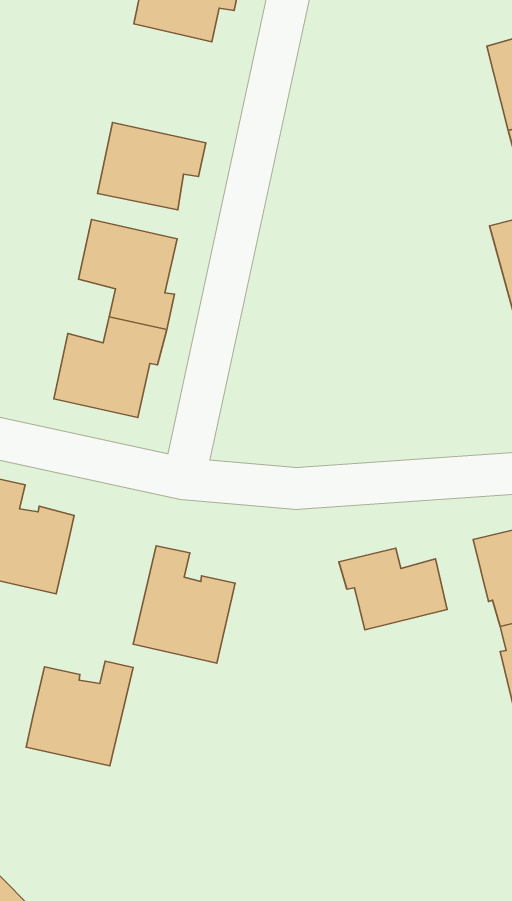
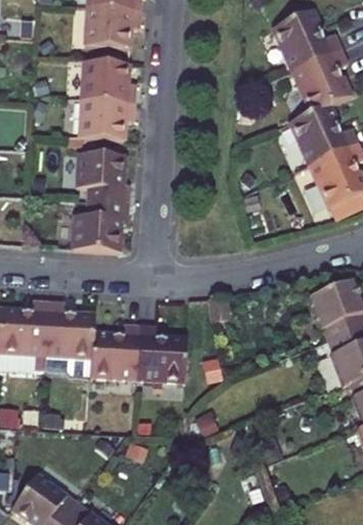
building: none -> [81,62,134,104]
building: [339,548,447,630] -> none
building: [26,661,133,766] -> [89,321,139,376]

